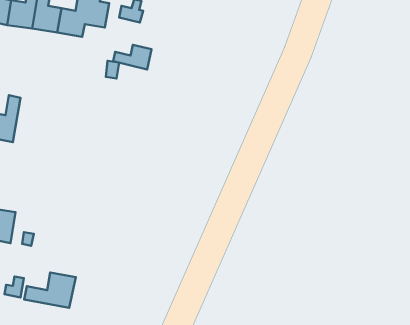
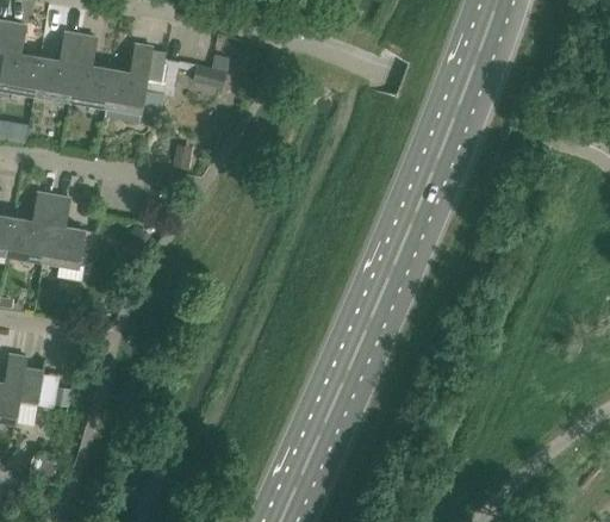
building: [113,45,151,69] -> none
building: none -> [42,195,85,279]
building: [24,273,76,308] -> none

